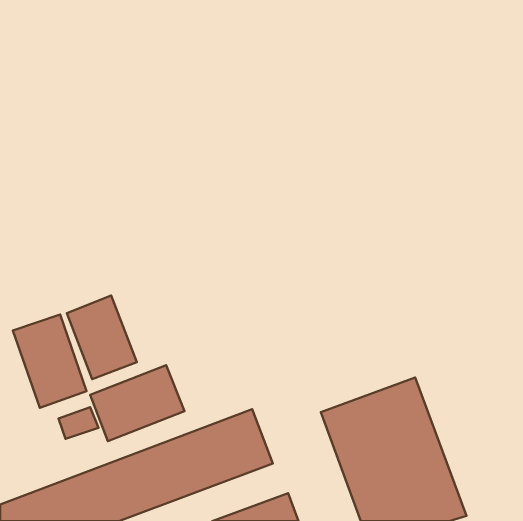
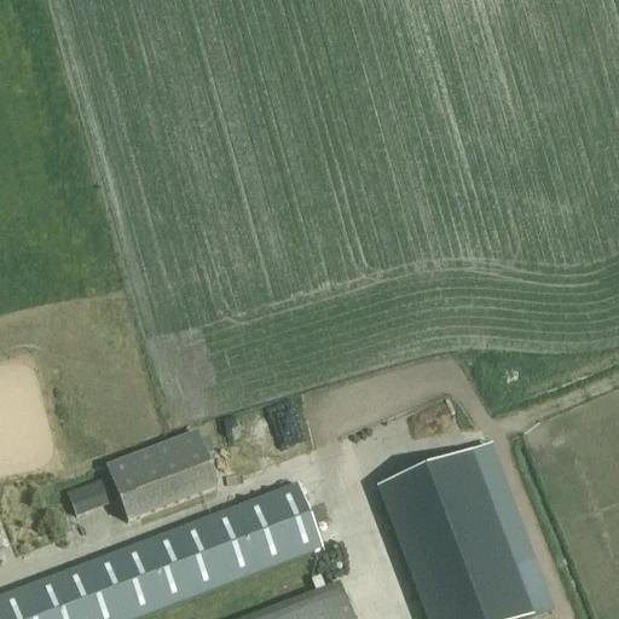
building: [67,296,137,379] -> none
building: [13,315,87,408] -> none

